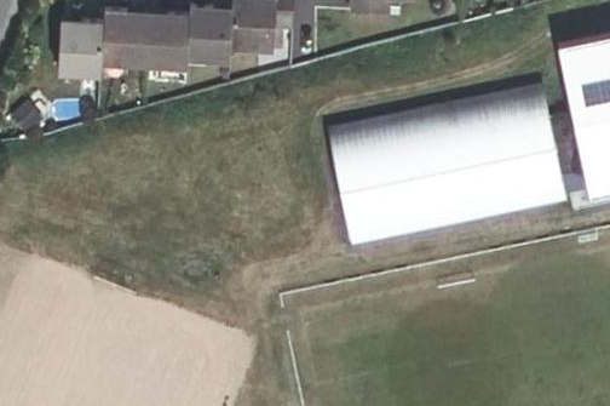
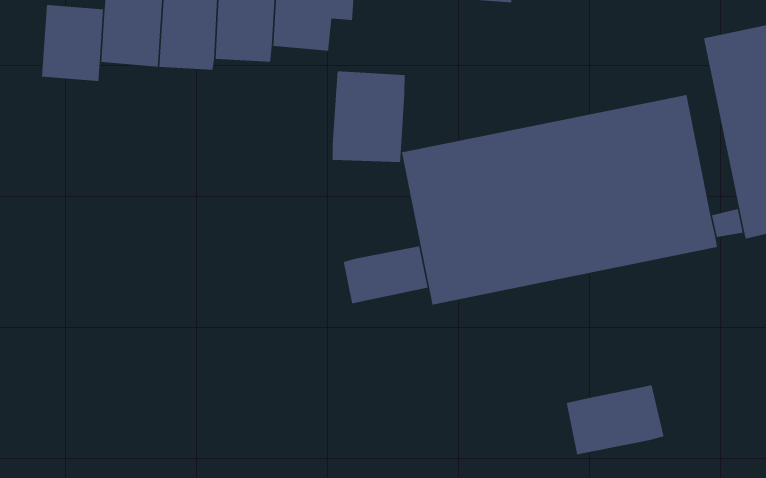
building: none -> [332,70,405,163]
building: none -> [343,245,428,304]
building: none -> [566,385,664,455]

